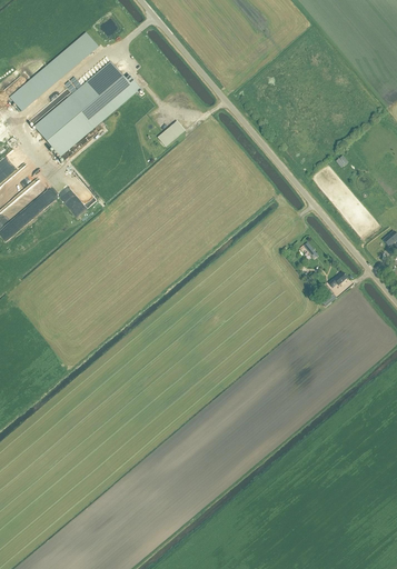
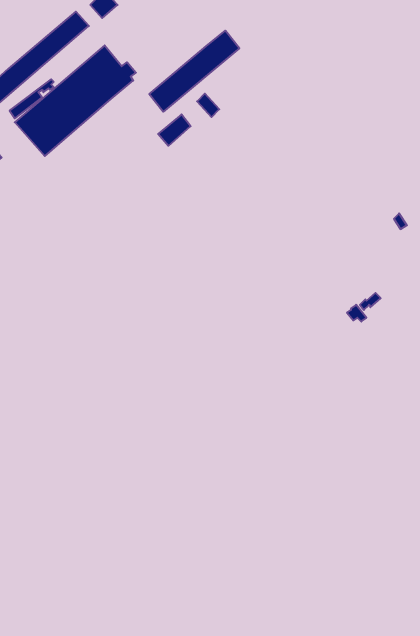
building: none -> [149,31,239,112]

